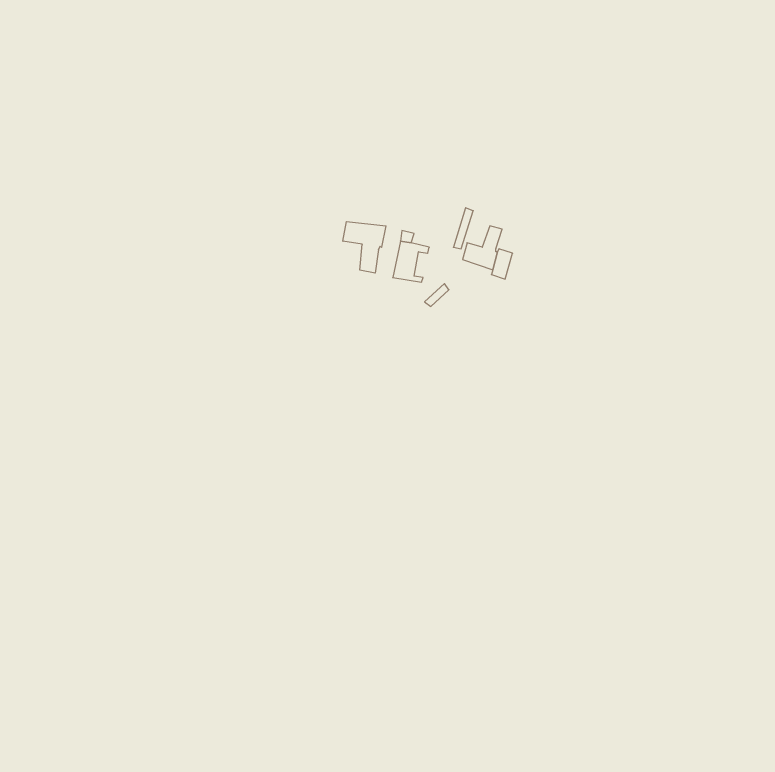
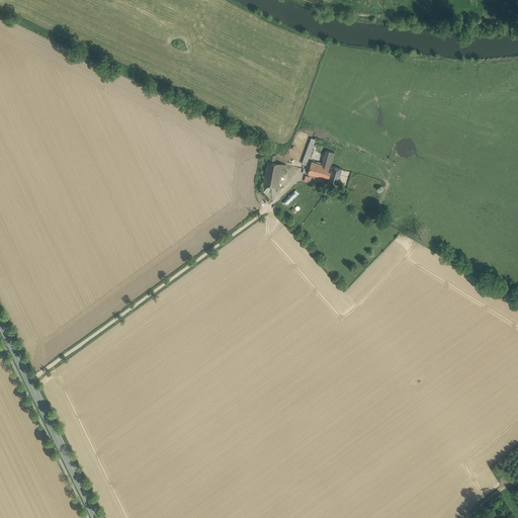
building: [343,222,386,273] -> none

